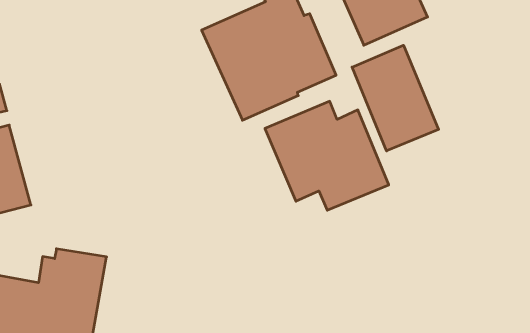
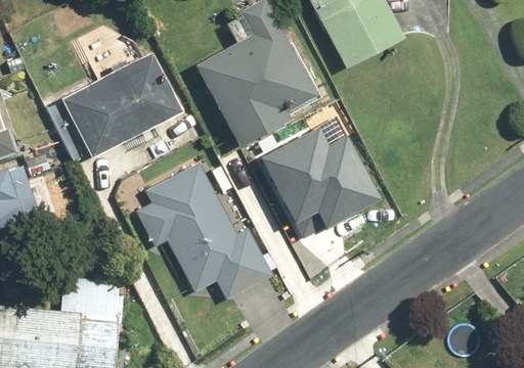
building: none -> [59,52,181,157]
building: [352,45,439,151] -> none
building: none -> [135,164,273,300]

